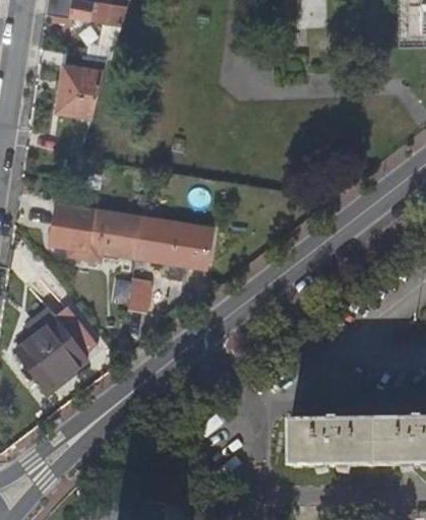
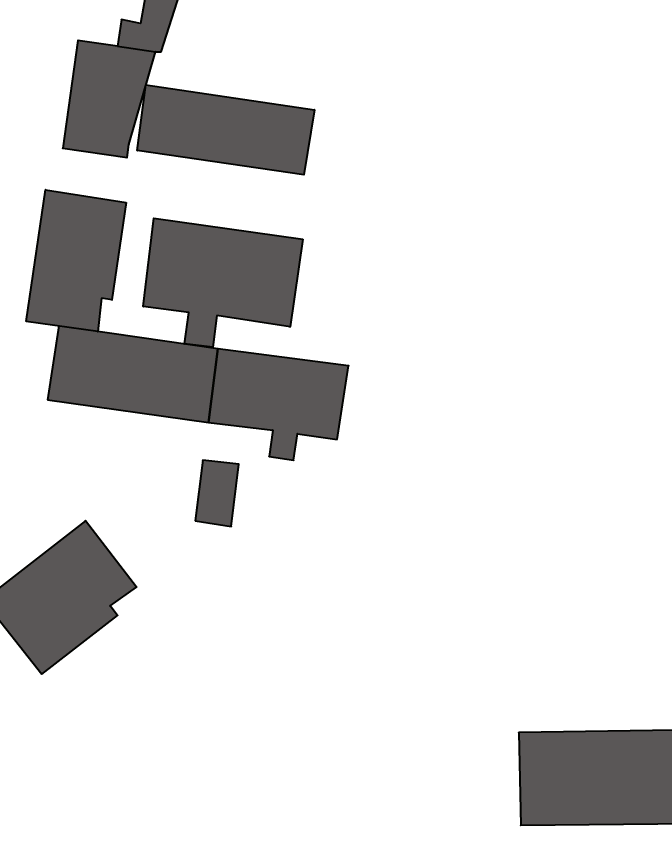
building: none -> [137,85,314,175]
building: none -> [26,190,126,332]
building: none -> [143,218,303,347]

